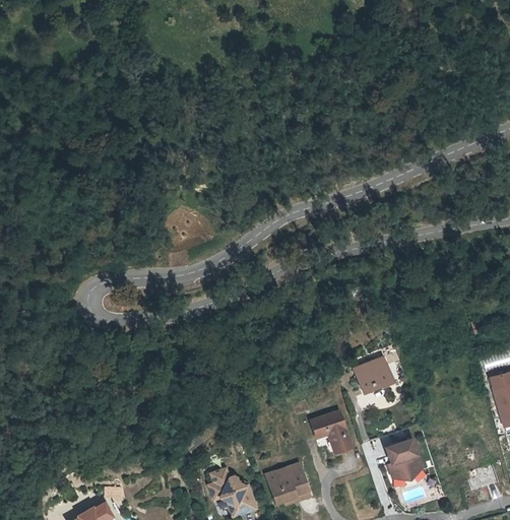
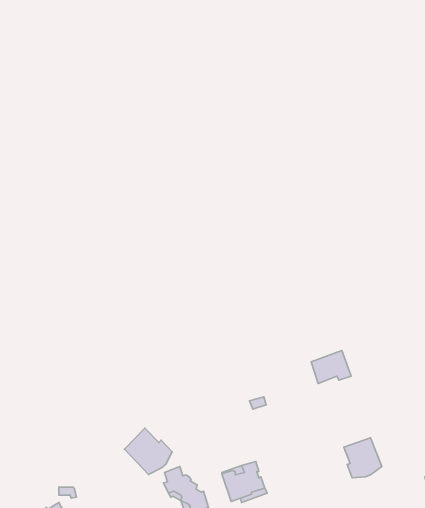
building: [313,410,353,454] -> none
building: none -> [125,428,172,475]

